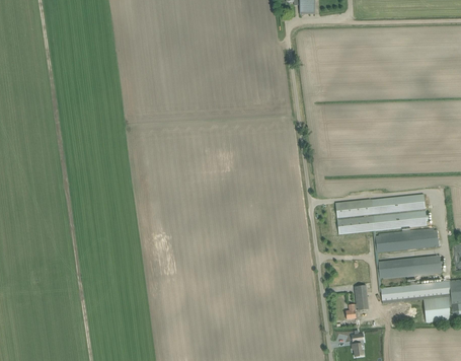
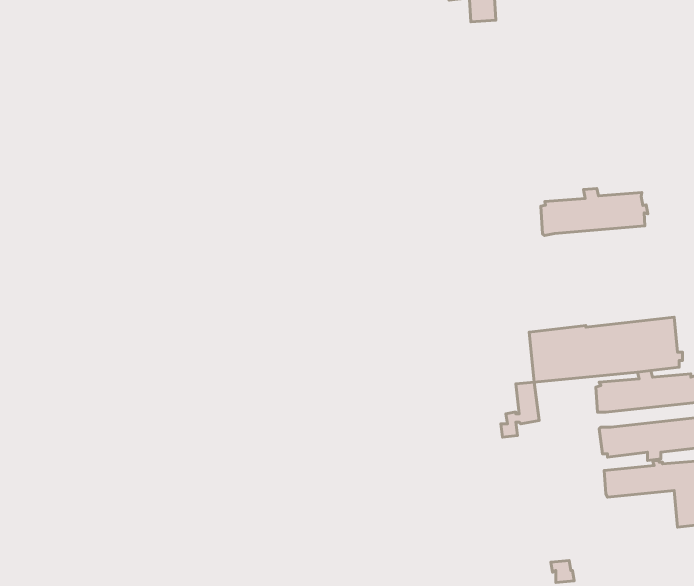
building: none -> [541,189,648,235]
building: [345,285,369,318] -> [501,382,539,437]

